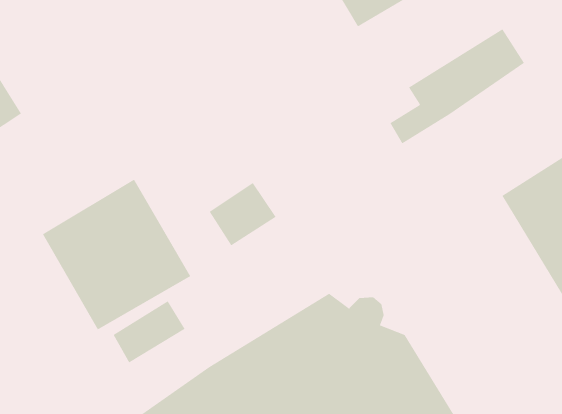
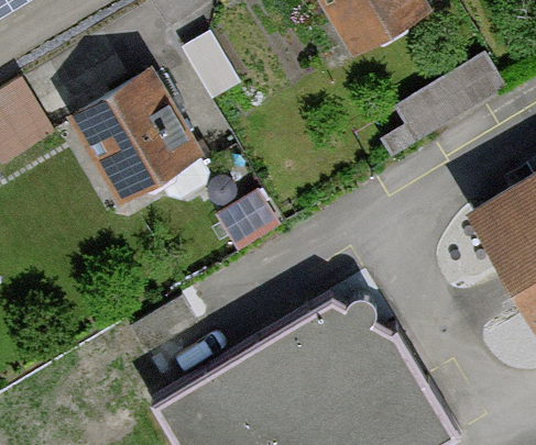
building: [42,179,191,330] -> [67,68,200,203]

